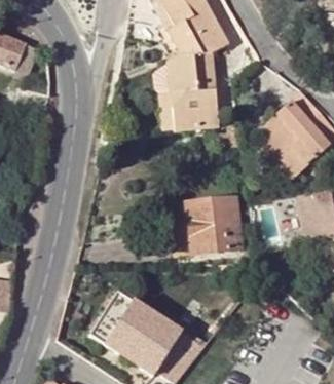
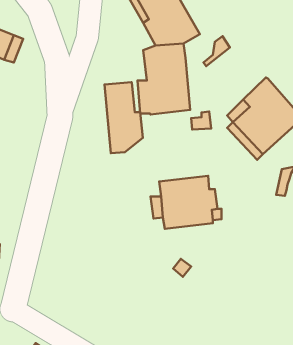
building: none -> [104,82,143,153]
building: [86,283,200,375] -> none

